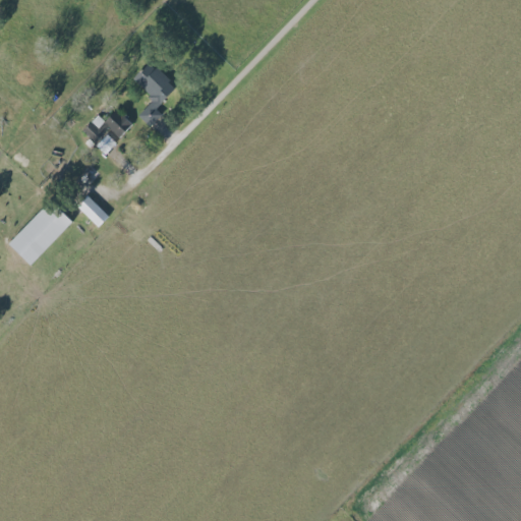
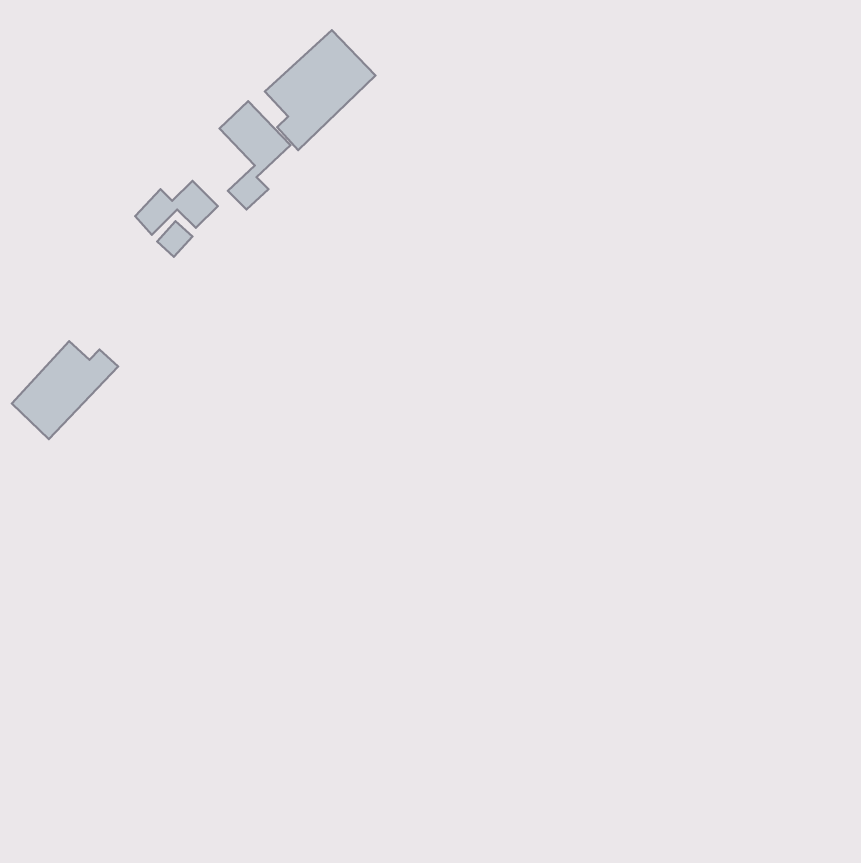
building: none -> [265,30,376,150]
building: [76,194,109,227] -> none

